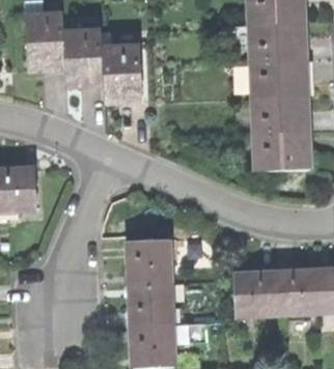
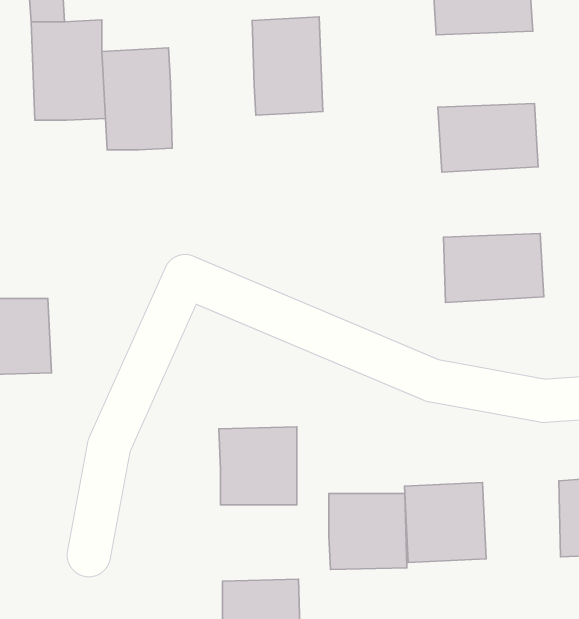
building: [252,22,307,64] -> none
building: [104,49,143,104] -> [252,17,323,115]
building: [255,97,310,137] -> none
building: [278,273,322,316] -> none
building: [132,286,175,329] -> [329,493,407,570]

